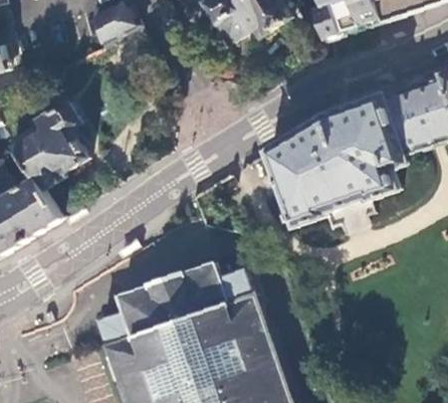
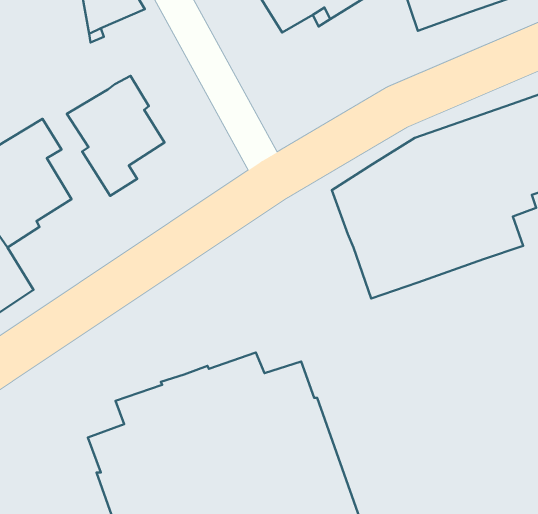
building: none -> [67,76,165,196]

